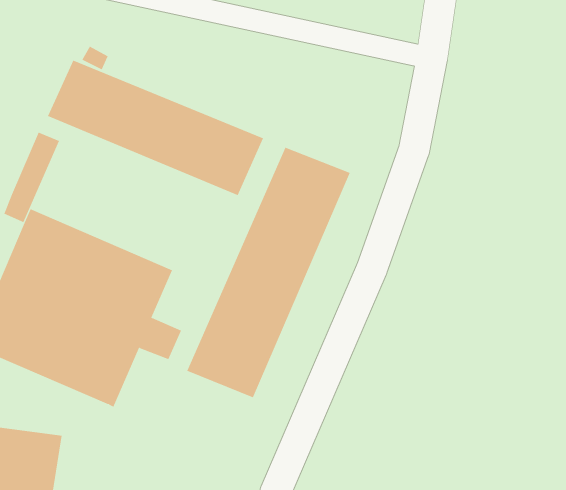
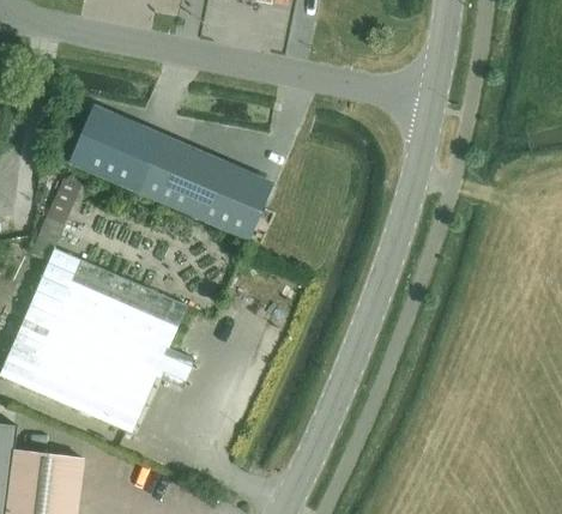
building: [187,147,351,398] -> none

